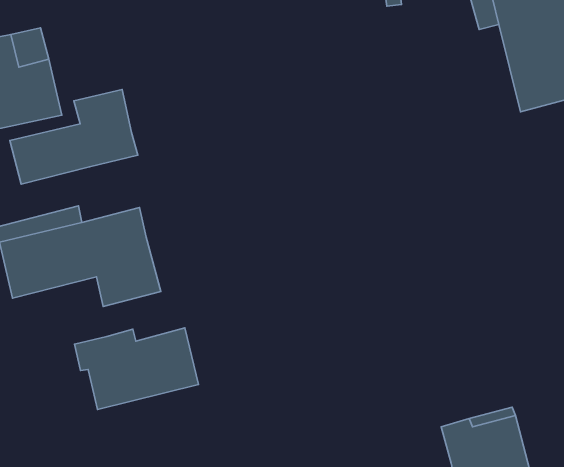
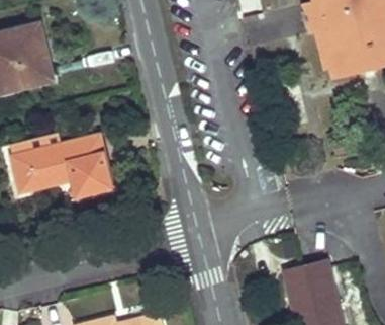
building: [10,89,138,184] -> none
building: [75,328,198,409] -> none

